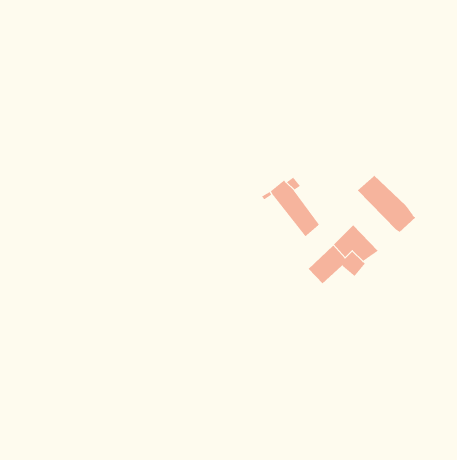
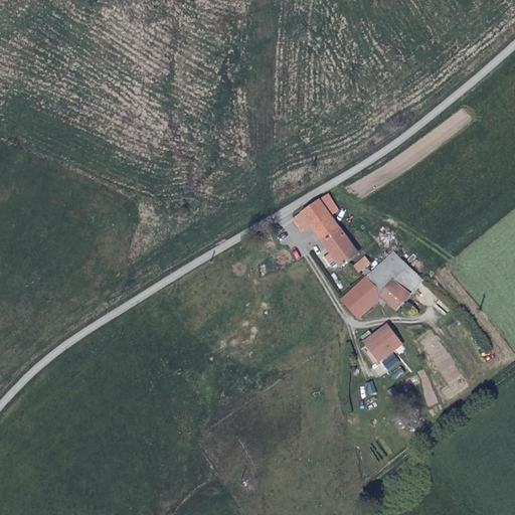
building: [357,175,416,233] -> none
building: none -> [364,325,400,361]

